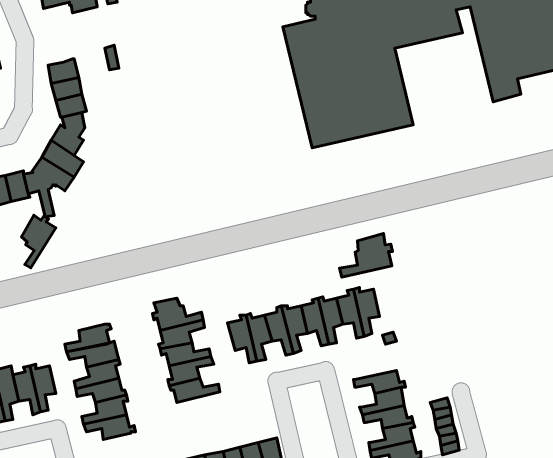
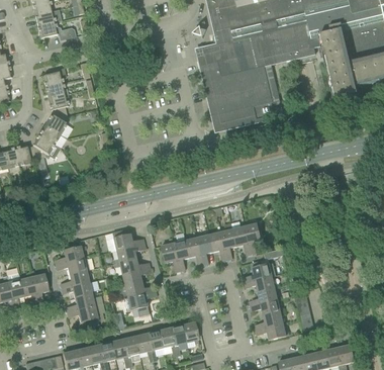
building: [21,215,56,268] -> none
building: [339,234,392,277] -> none
building: none -> [243,261,275,283]
building: none -> [123,291,157,316]

